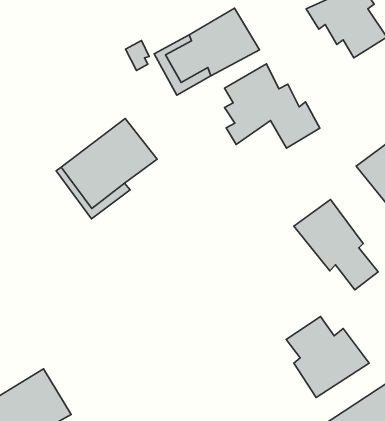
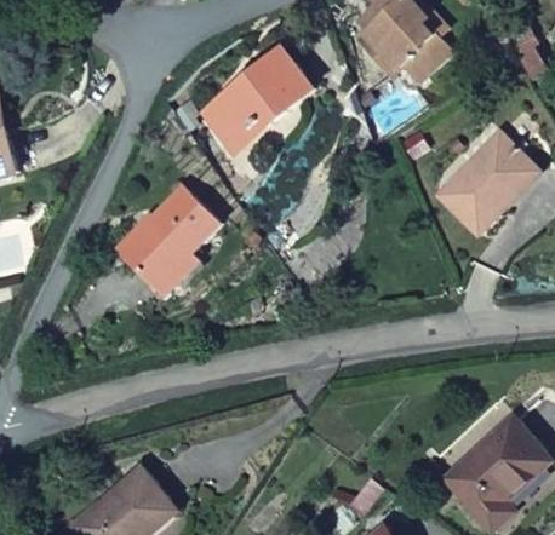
building: [224,64,320,148] -> none
building: [294,200,378,290] -> none
building: [286,316,369,397] -> none

